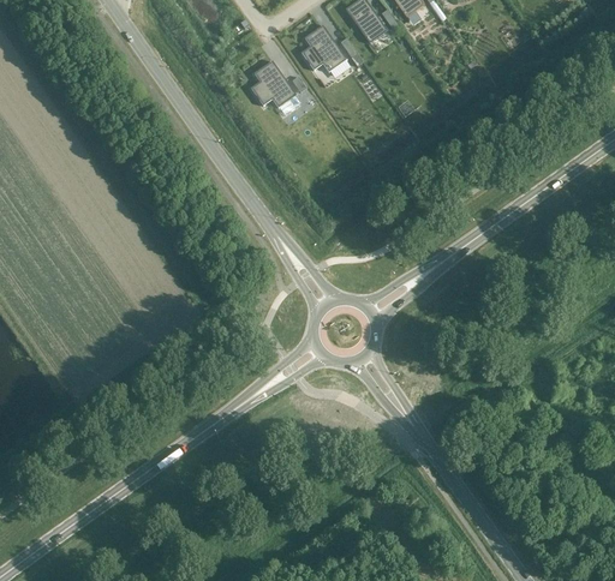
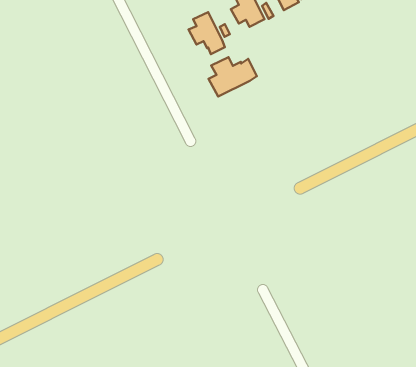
building: none -> [209,57,257,97]

